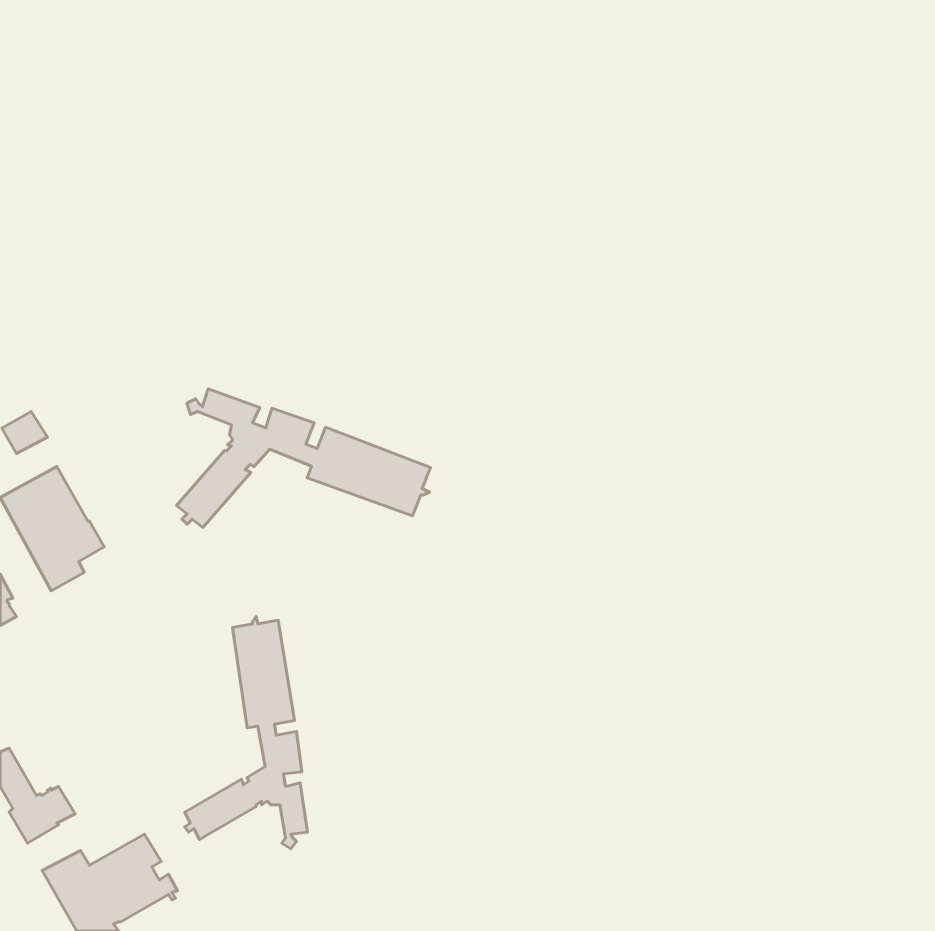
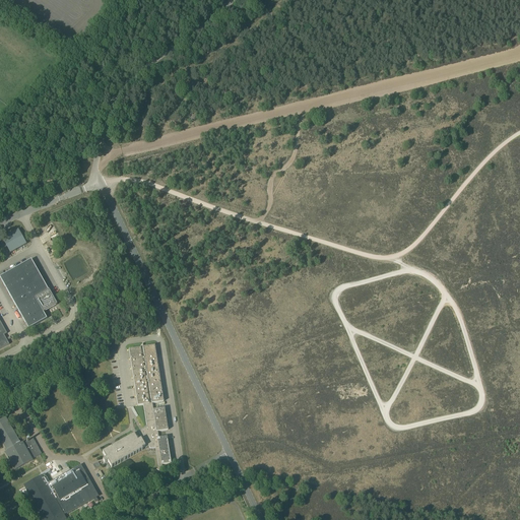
building: [177,389,430,527] -> none

